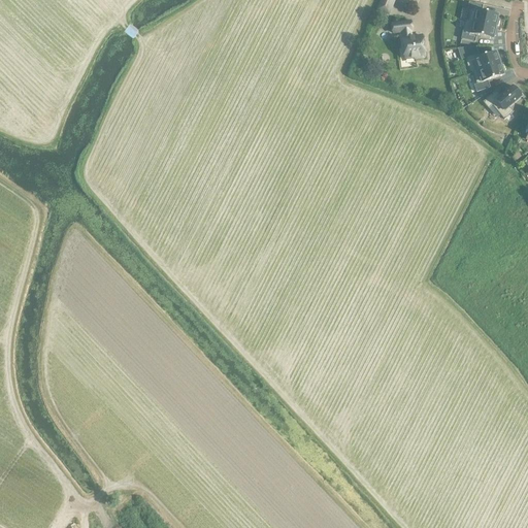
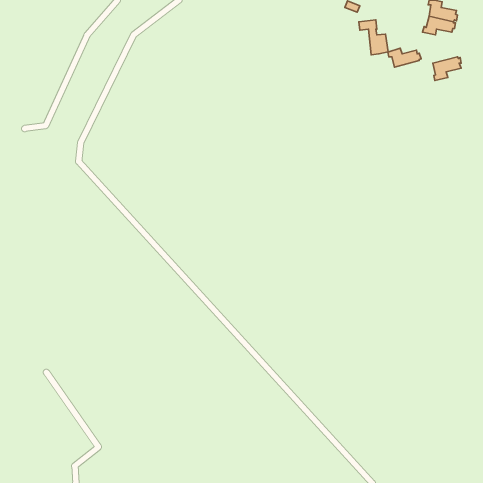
building: [464,48,500,69] -> [388,48,421,67]
building: [481,86,519,119] -> none

